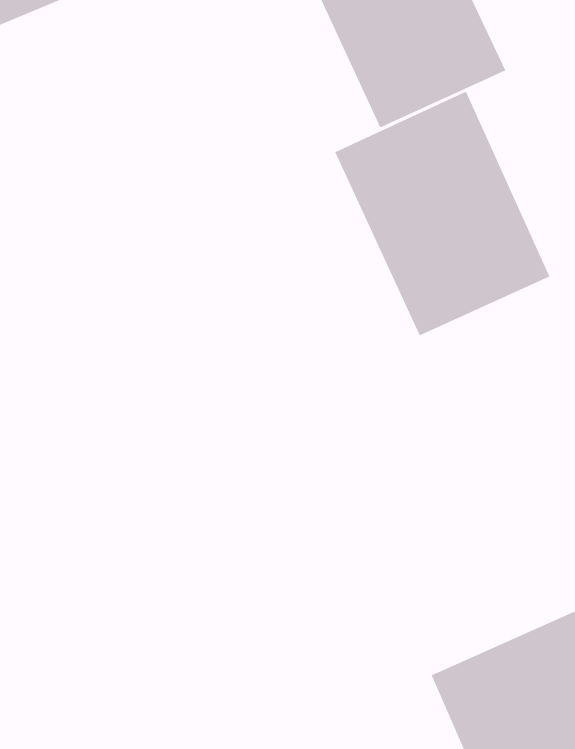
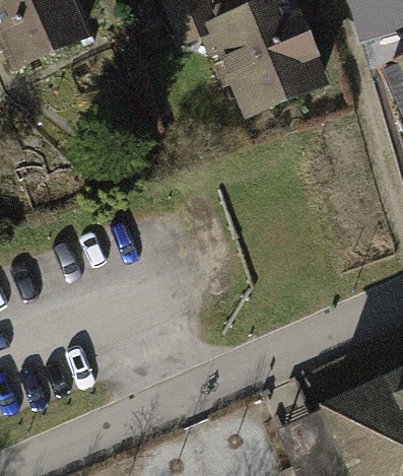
building: [335,91,550,336] -> none

